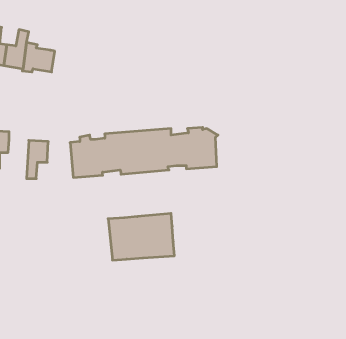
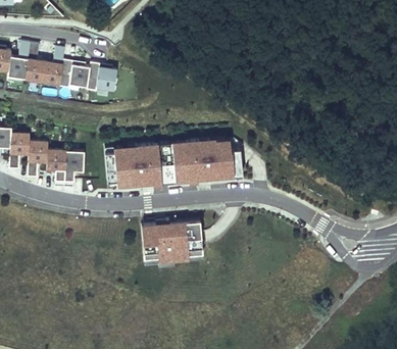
building: none -> [87,61,116,90]
building: none -> [46,149,65,186]

